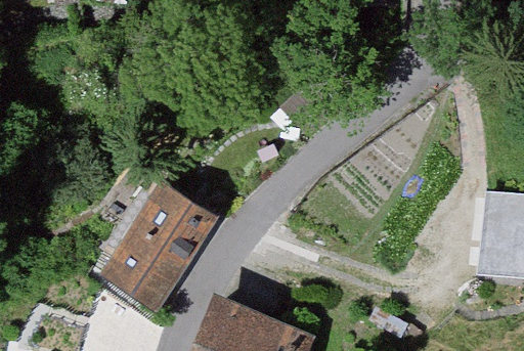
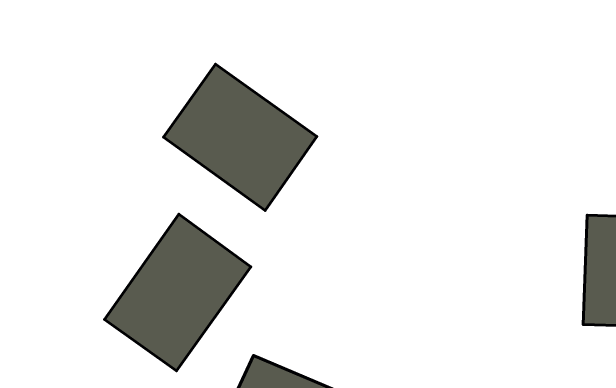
building: none -> [163,64,317,211]

